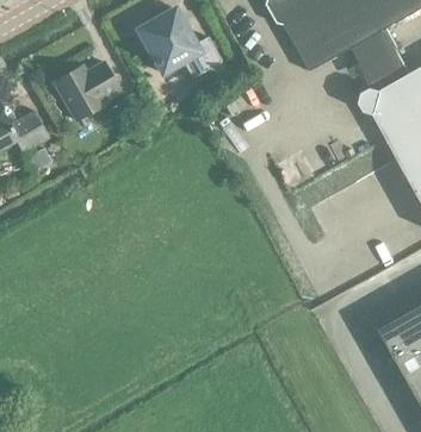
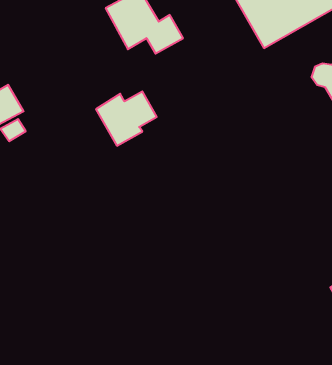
building: [54,62,119,120] -> [96,91,157,146]

